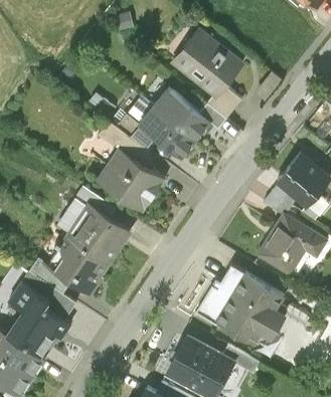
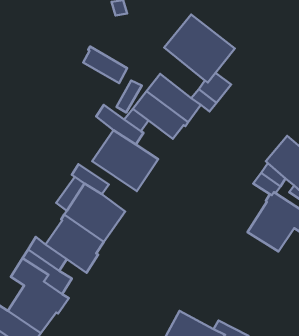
building: none -> [83,46,127,83]
building: [197,264,286,344] -> none

